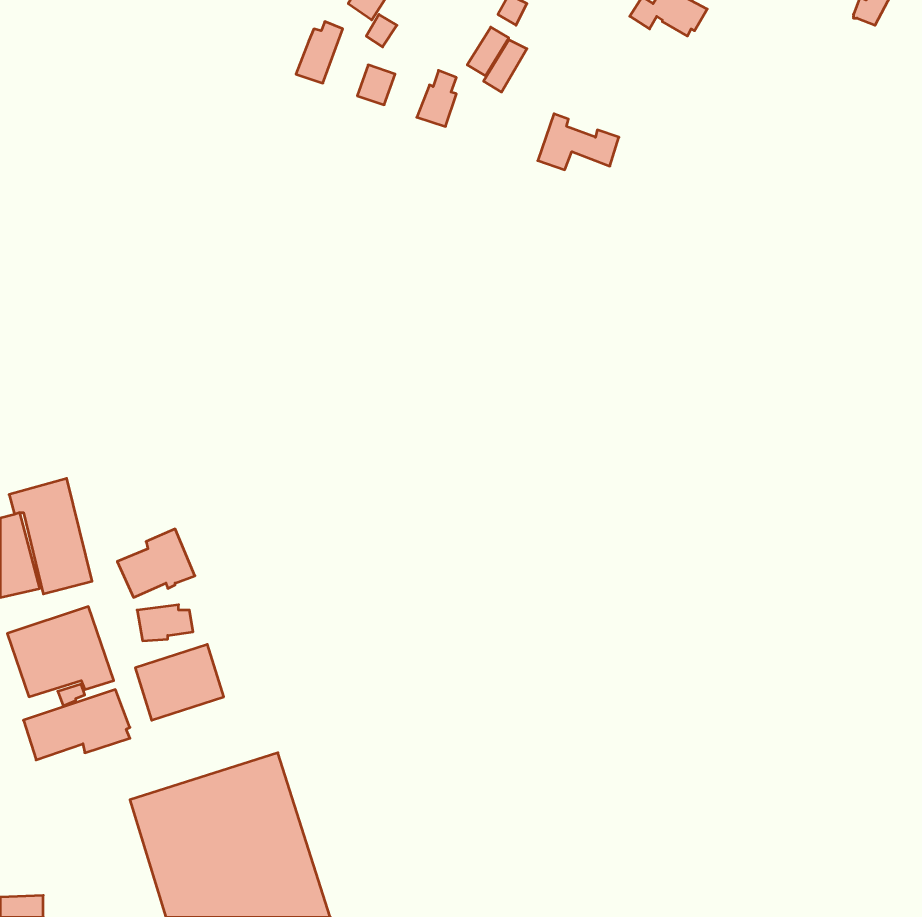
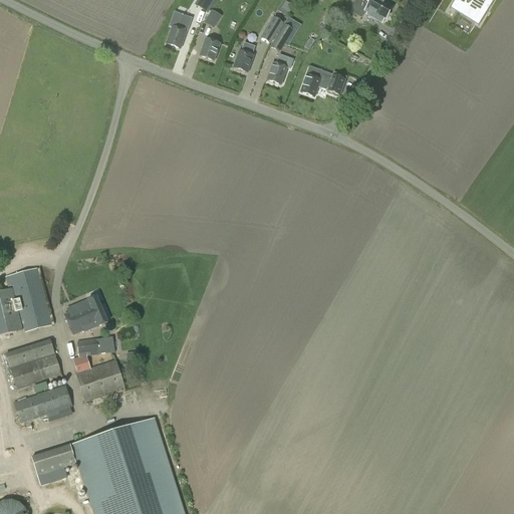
building: none -> [266,54,289,83]
building: none -> [31,443,76,475]

